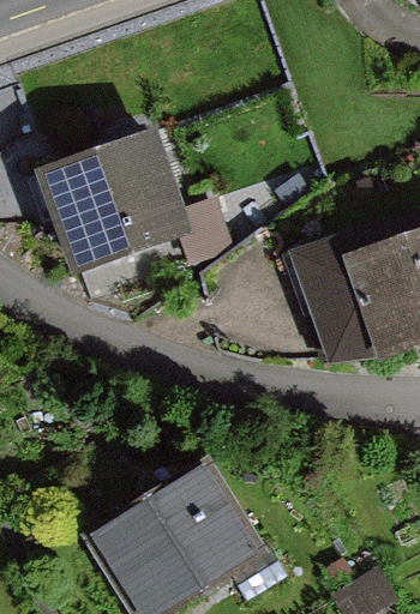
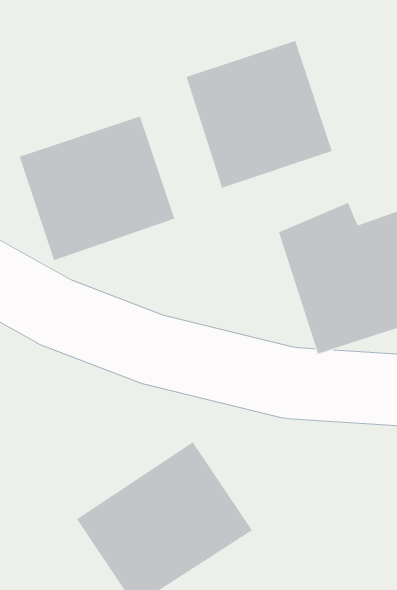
building: none -> [186,40,333,189]

